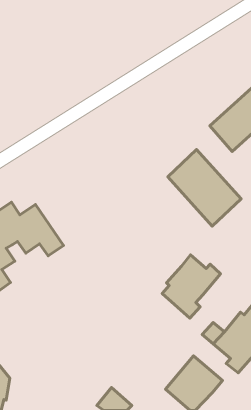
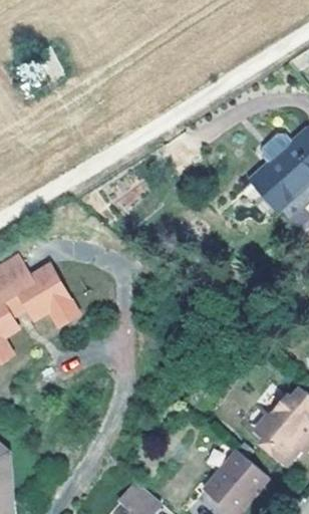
building: [168,150,241,226] -> none
building: [162,255,220,318] -> none

